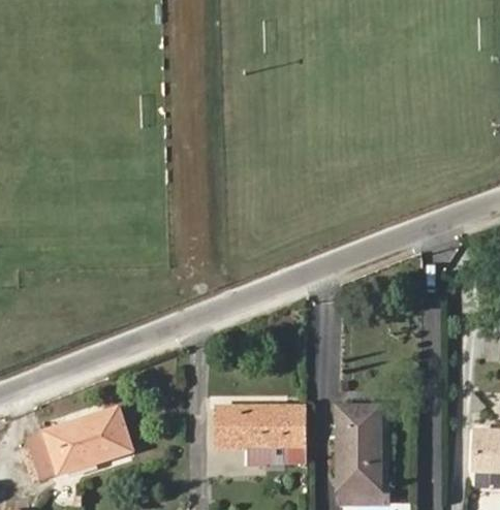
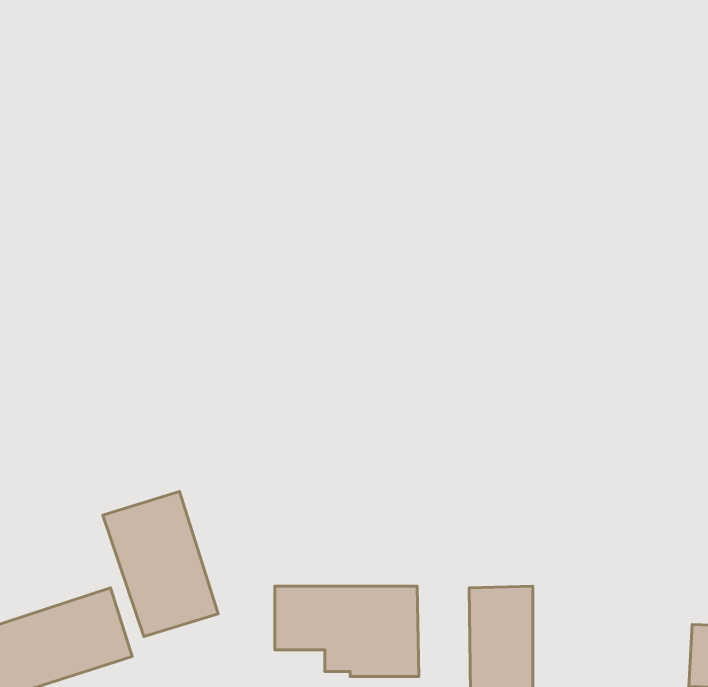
building: none -> [103,492,218,637]

